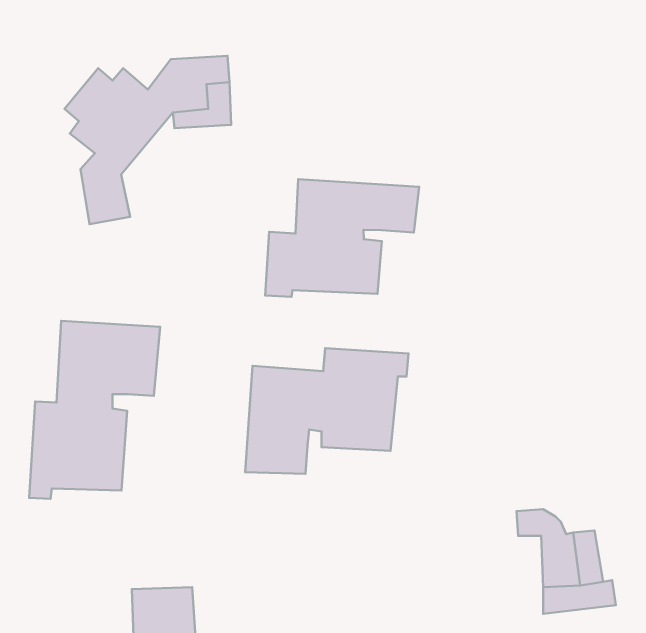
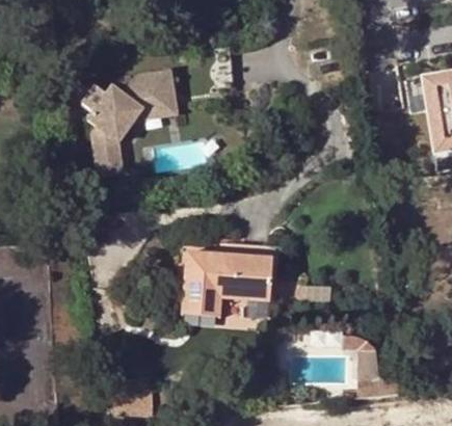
building: [265,179,419,297] -> none
building: [29,321,160,499] -> none

